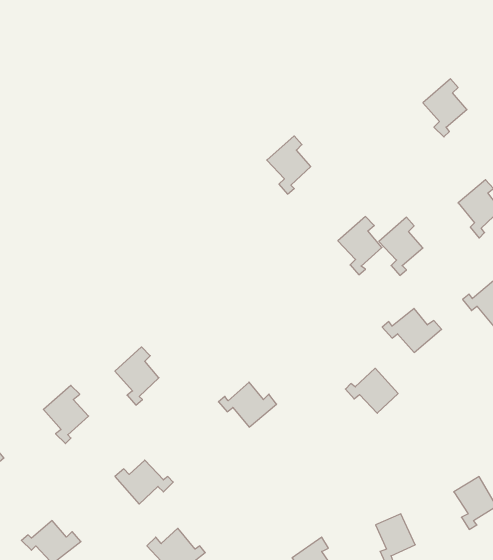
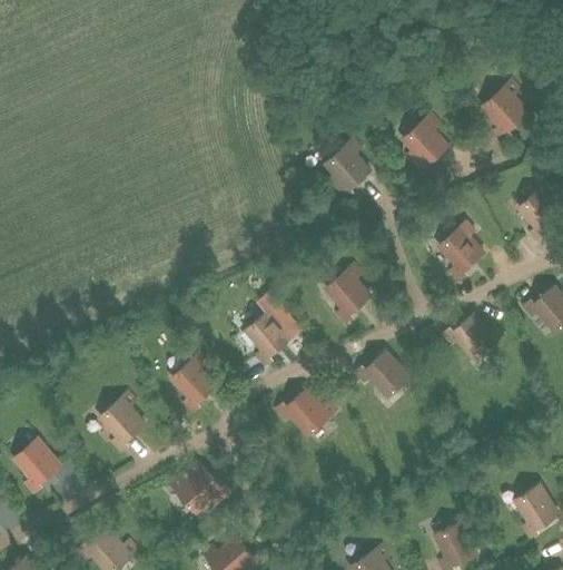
building: none -> [403,115,447,174]
building: [338,217,382,275] -> [325,264,369,323]
building: none -> [245,306,289,365]
building: [345,368,398,413] -> [355,351,408,396]

